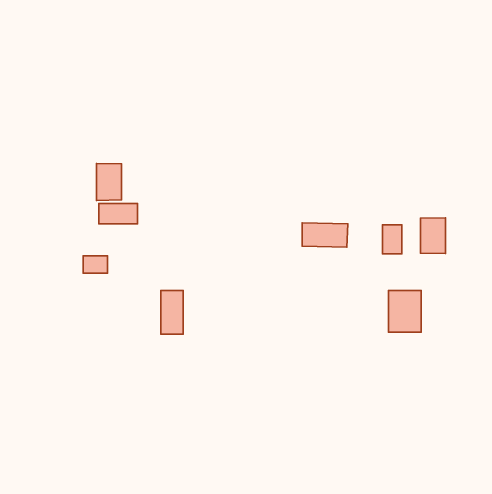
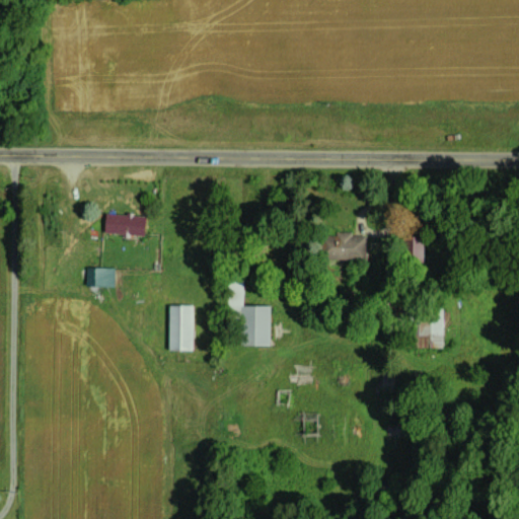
building: [96,163,121,200] -> none
building: [420,218,445,254] -> none
building: none -> [242,305,271,346]

